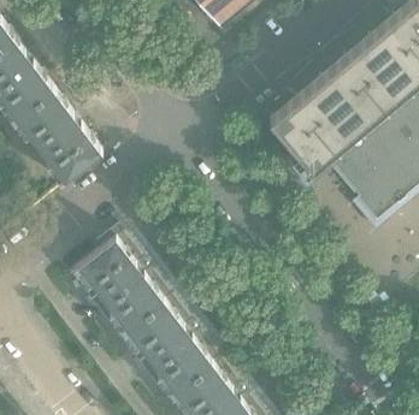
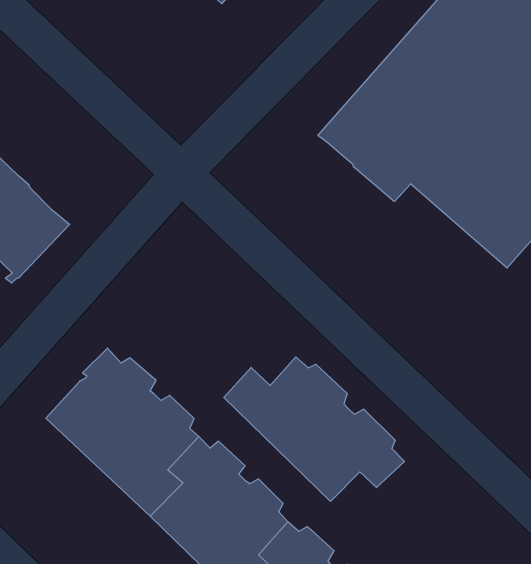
building: none -> [224,357,404,501]

